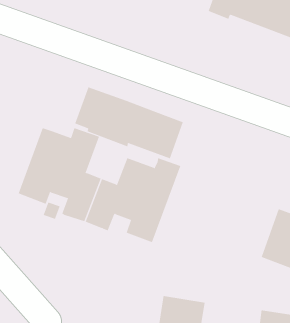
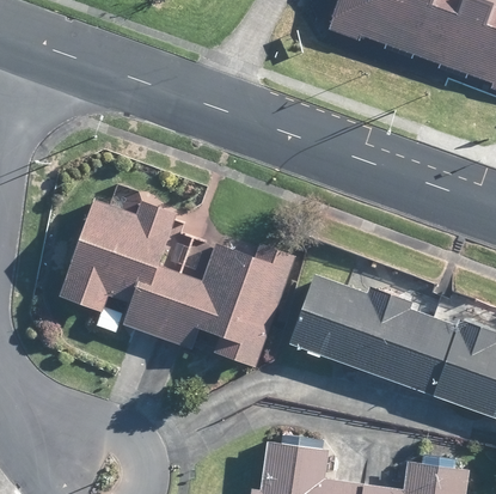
building: [74,86,183,159] -> none
building: none -> [289,273,431,384]

